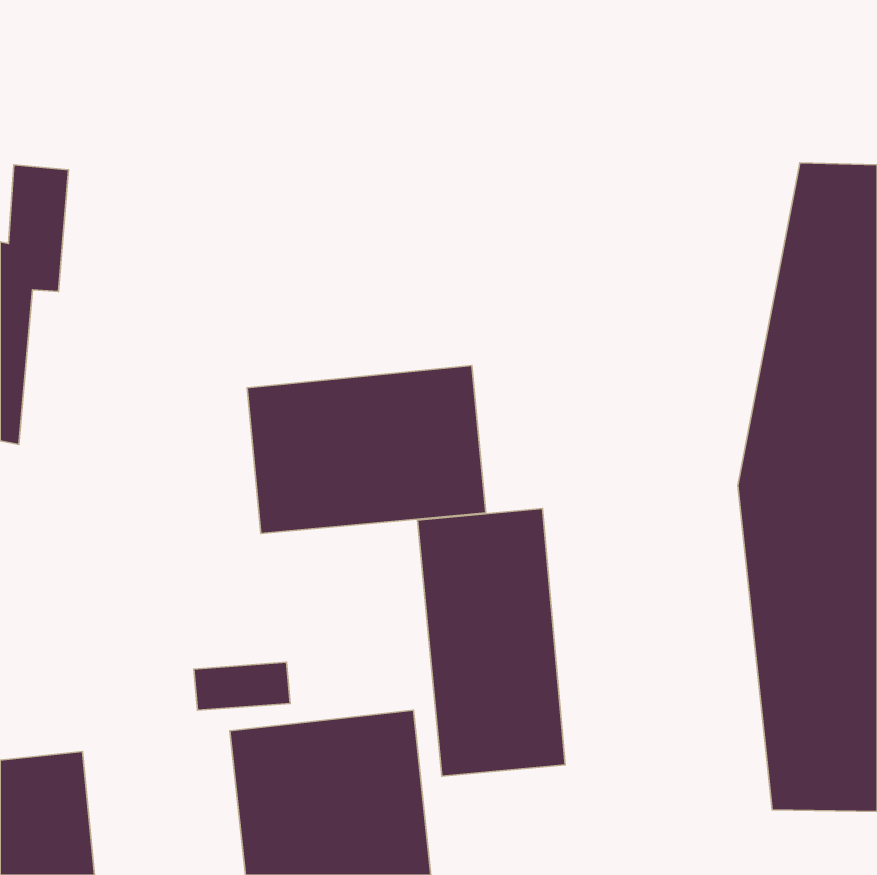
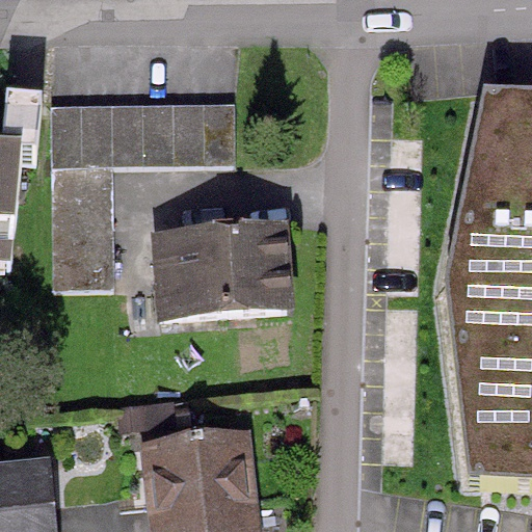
building: none -> [50,103,236,291]
building: [418,508,565,776] -> none

